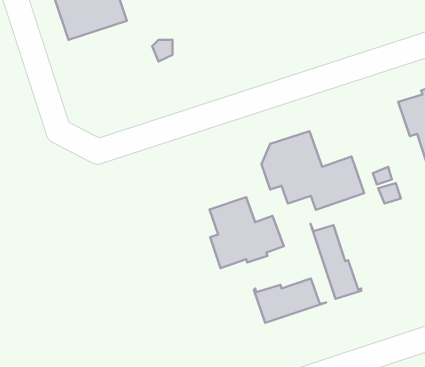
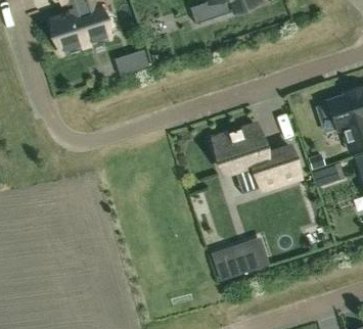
building: [209,197,284,268] -> none
building: [311,224,361,299] -> none

